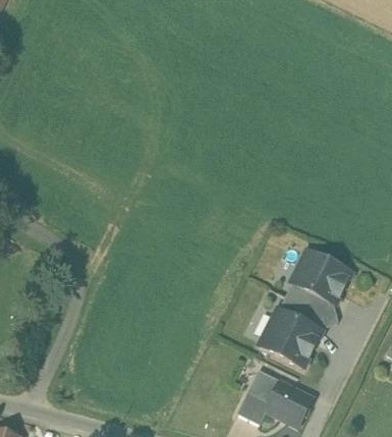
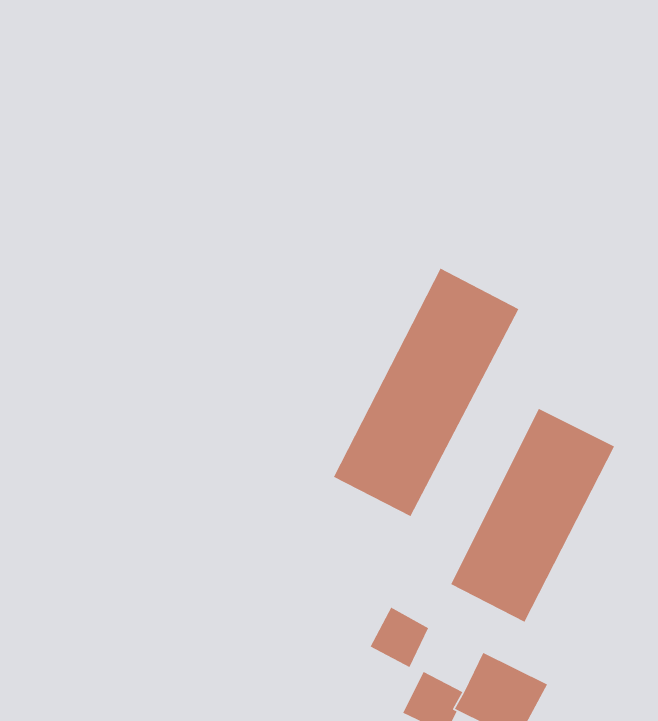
building: none -> [333,267,519,517]
building: [247,370,279,402] -> [370,607,429,668]

